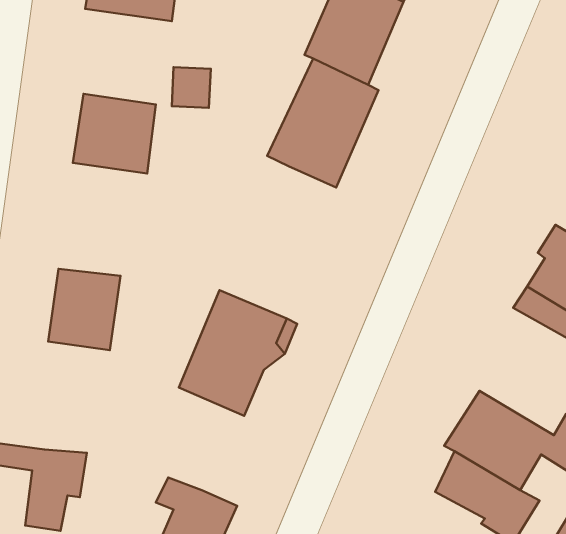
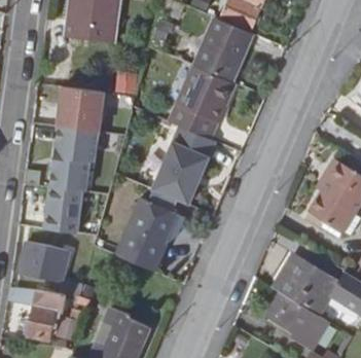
building: none -> [47,126,99,192]
building: none -> [153,128,215,206]
building: none -> [20,244,83,297]

